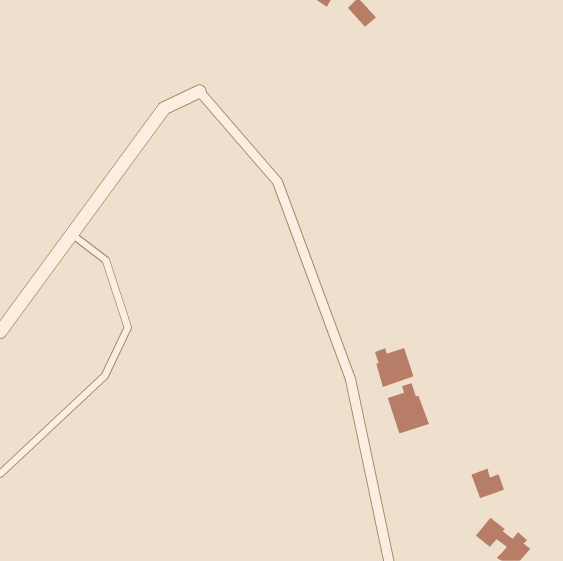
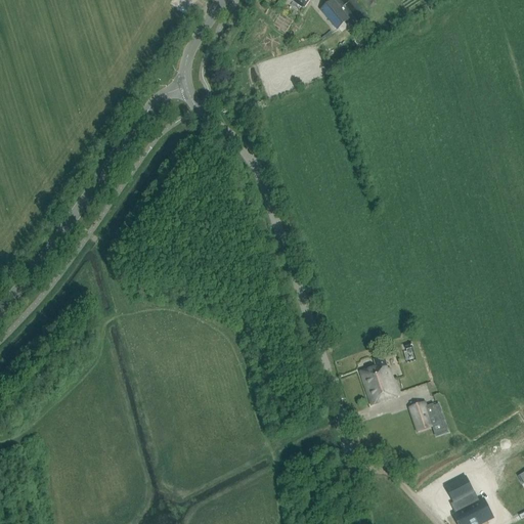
building: [374,347,414,388] -> none
building: [471,468,505,499] -> [408,400,440,429]

